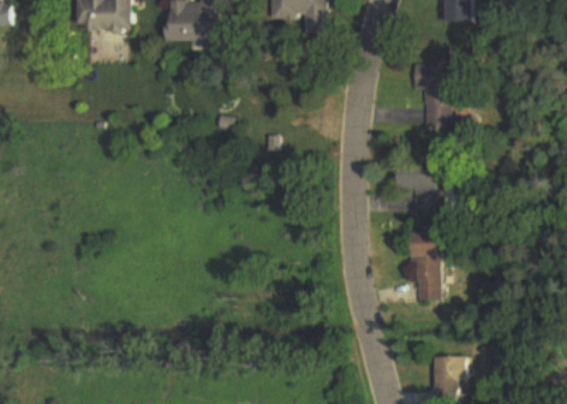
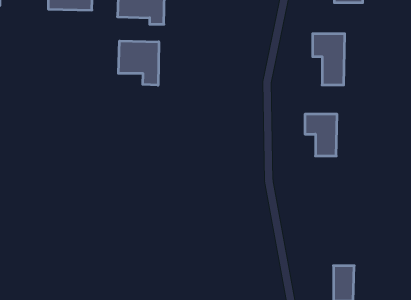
building: none -> [118,41,159,85]
building: [411,228,443,298] -> none

